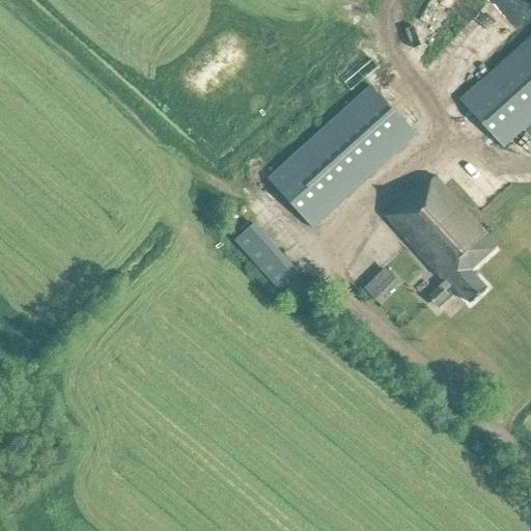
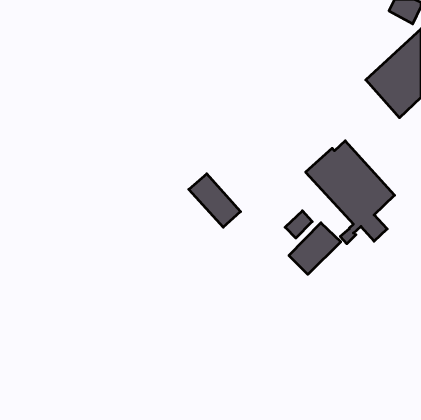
building: [268,86,415,228] -> none
building: none -> [289,223,341,274]

